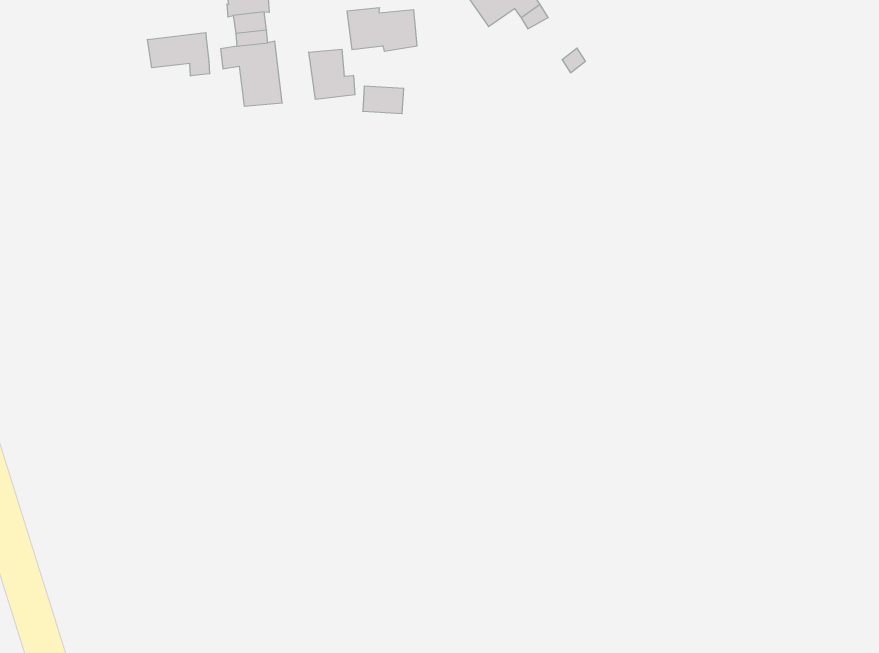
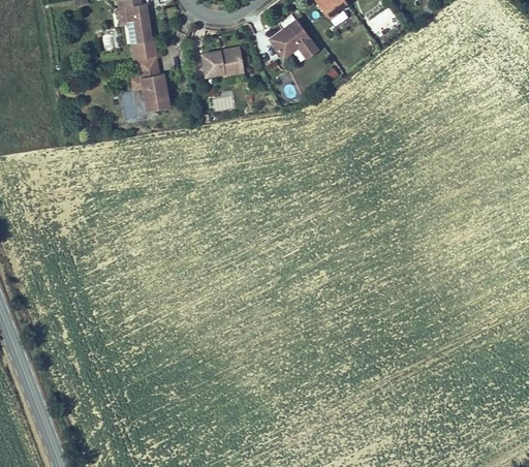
building: [147,33,210,76] -> none
building: [309,49,355,99] -> none

